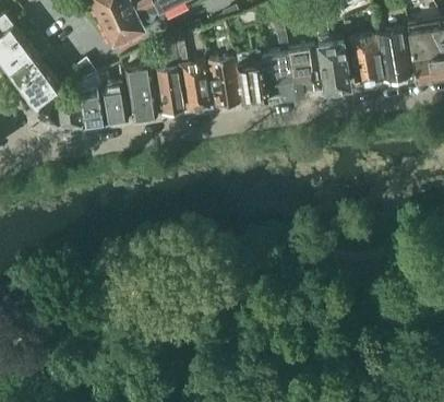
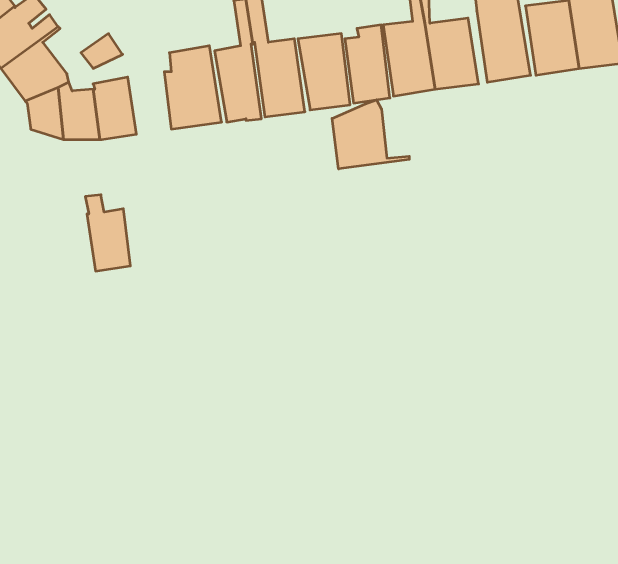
building: [98,79,127,127] -> [85,195,130,271]
building: none -> [332,100,409,169]

